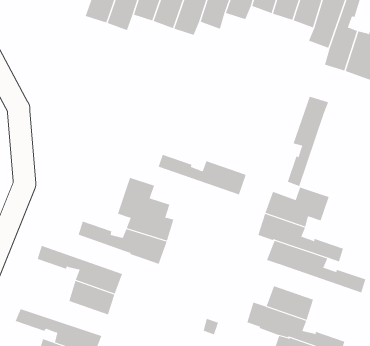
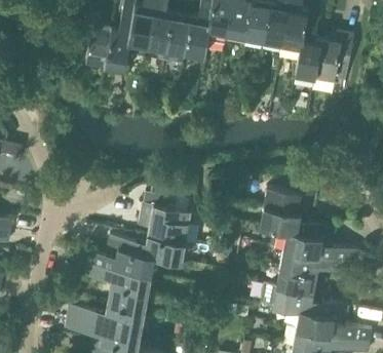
building: [287,96,329,187] -> none
building: [158,154,246,195] -> [78,250,154,276]
building: none -> [280,249,356,275]
building: none -> [68,306,144,331]

